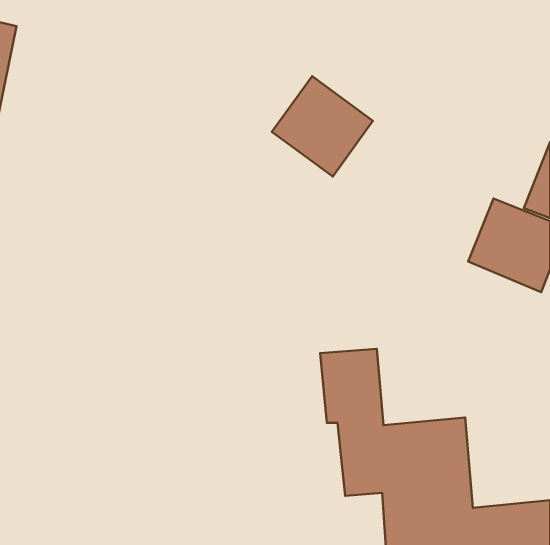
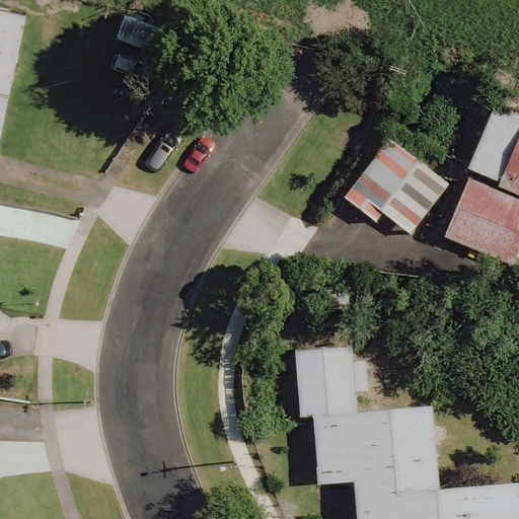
building: [272,76,373,176] -> [343,157,437,250]

